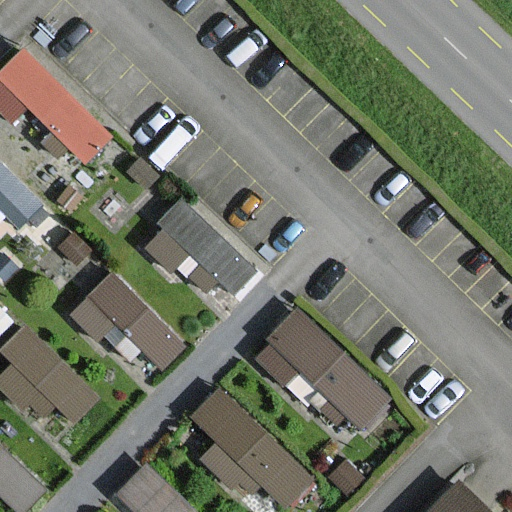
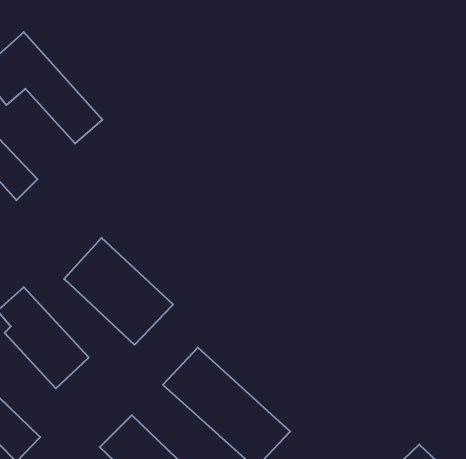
building: [140,197,260,311] -> none
building: [250,306,396,448] -> none

